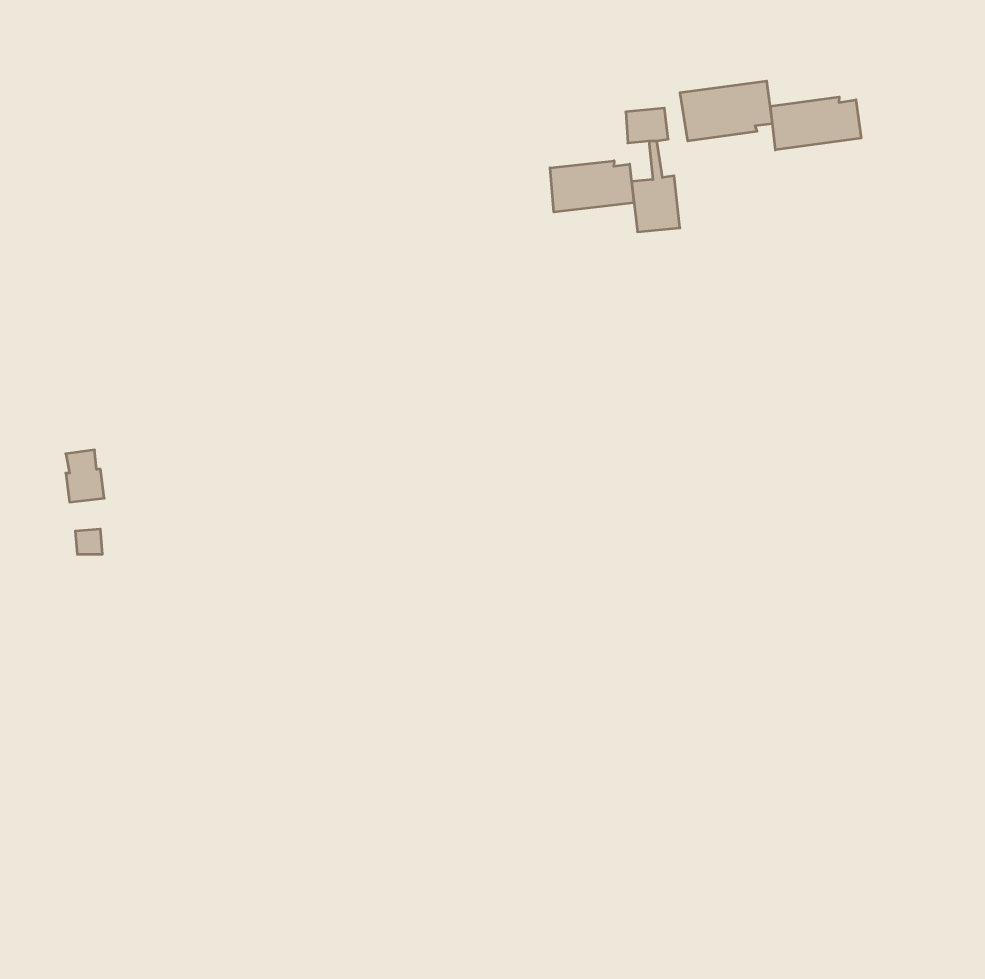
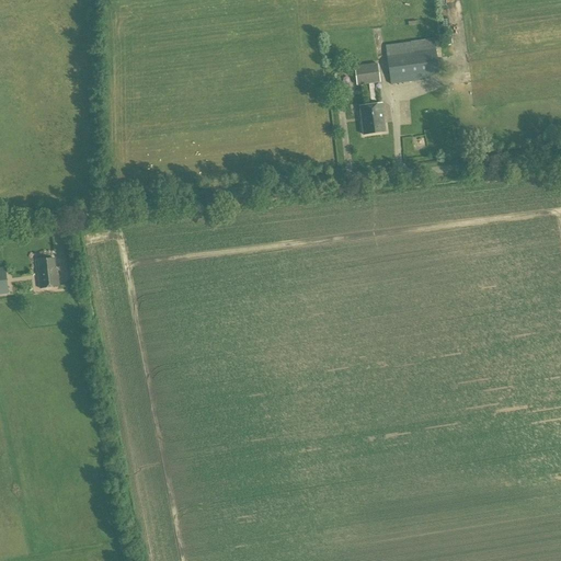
building: [771,97,861,150] -> none
building: [550,161,634,212] -> none

